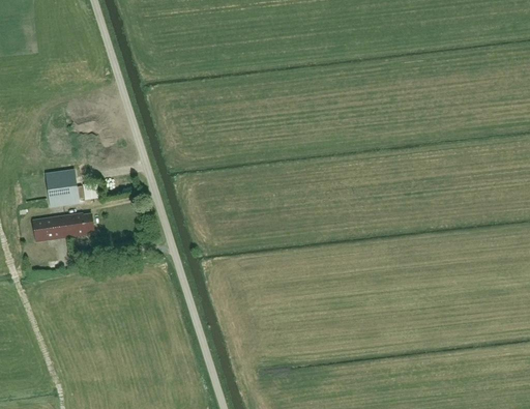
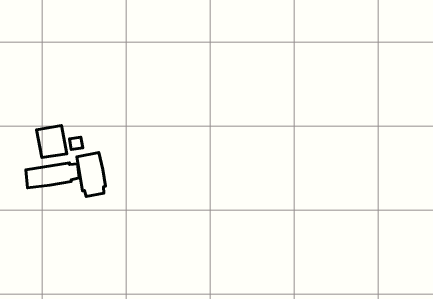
building: none -> [77,152,105,196]

